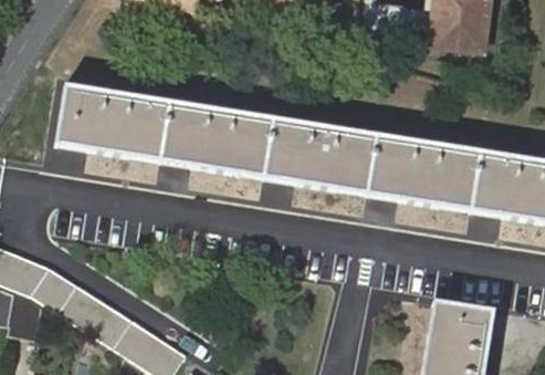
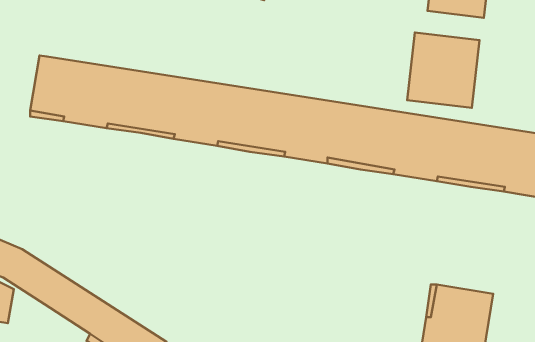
building: none -> [407,33,480,108]

